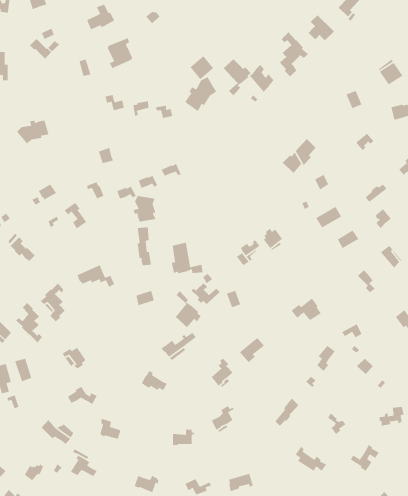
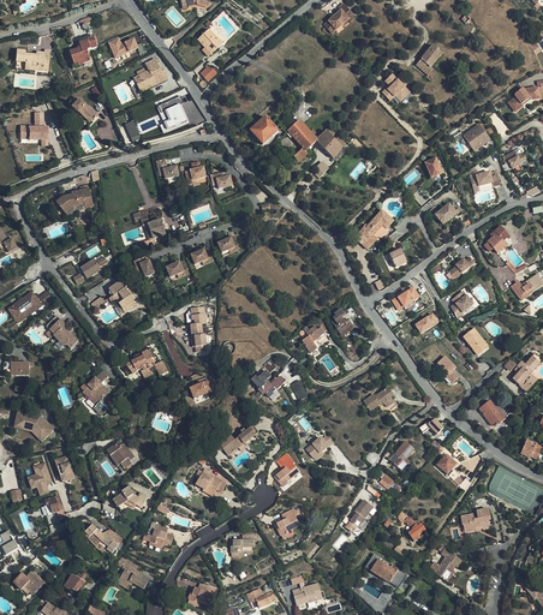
building: [279,31,309,77] -> none
building: [184,76,217,112] -> none
building: [133,195,157,222] -> none
building: [171,242,204,274] -> none
building: [175,290,202,328] -> none
building: [15,302,43,344] -> none

